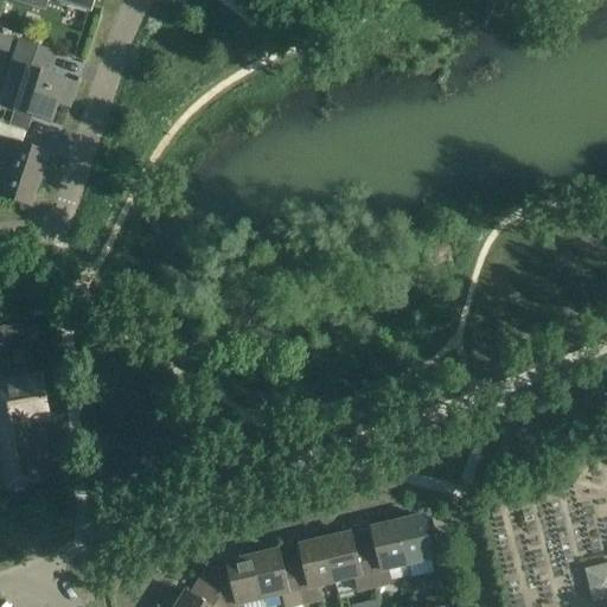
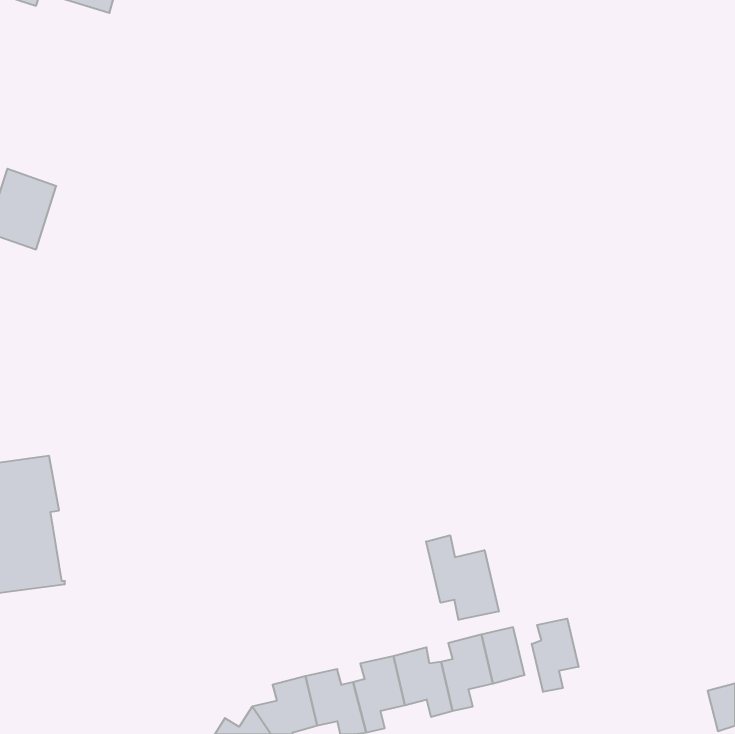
building: [6,38,76,122] -> none
building: none -> [426,535,499,620]
building: none -> [532,619,579,692]

